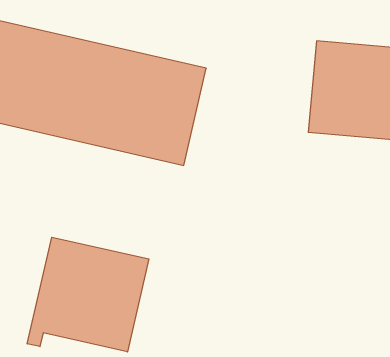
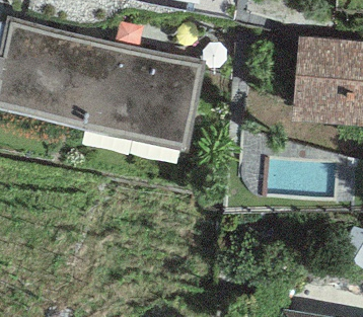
building: [27,237,149,352] -> none

